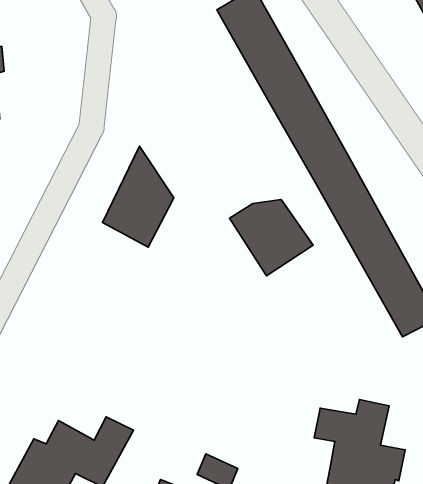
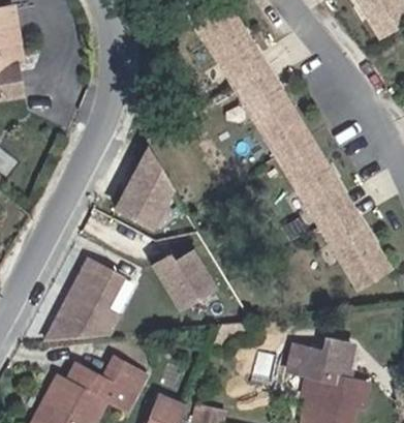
building: [229,200,313,276] -> [146,238,216,302]
building: none -> [39,248,124,334]

